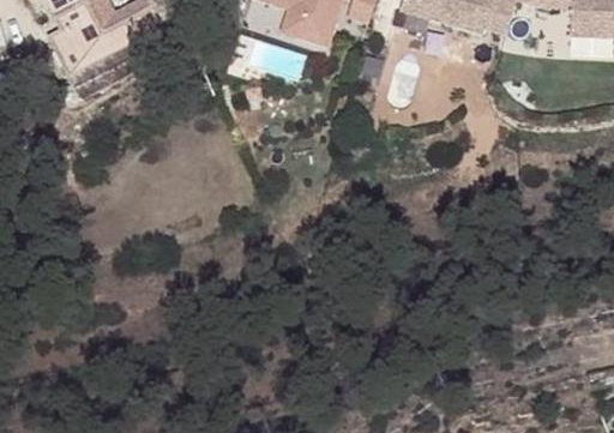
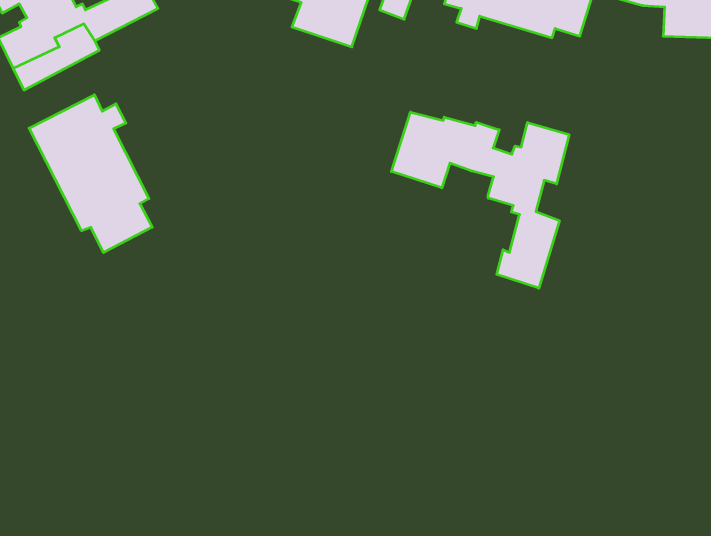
building: none -> [29,95,152,253]
building: none -> [391,112,569,288]

